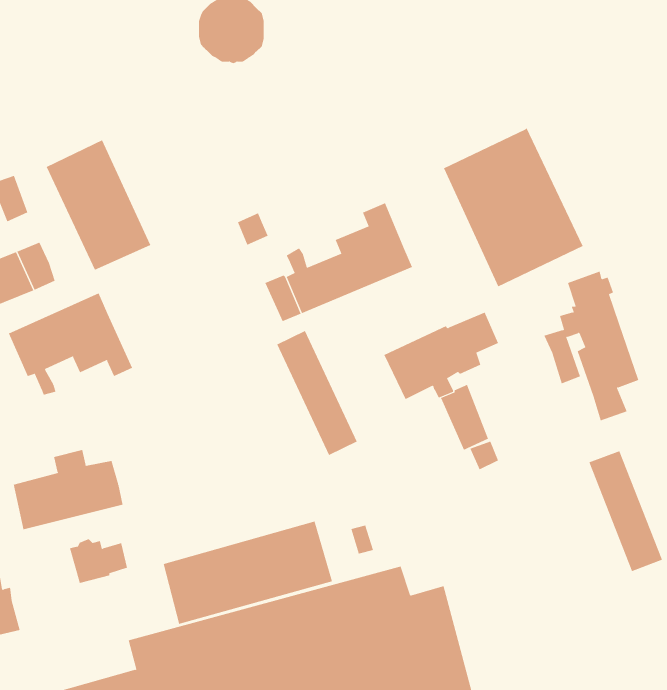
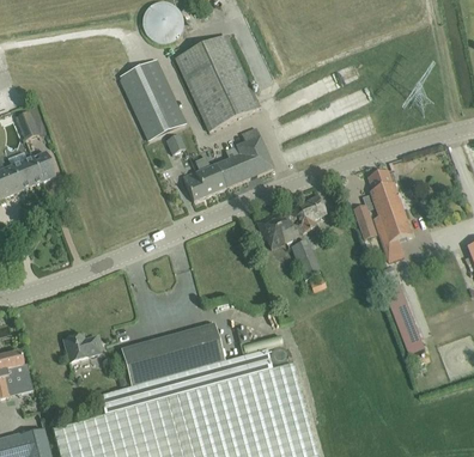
building: [443,127,584,287] -> [175,33,261,132]
building: [46,140,151,270] -> [120,59,184,139]
building: [8,292,133,395] -> none
building: [277,330,357,456] -> none
building: [13,449,123,530] -> none

